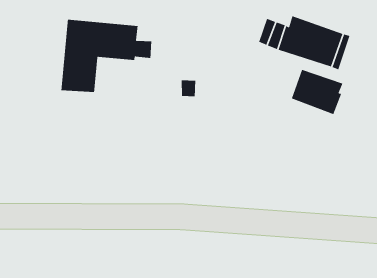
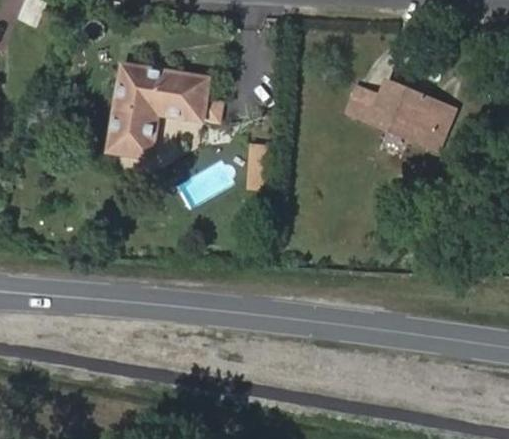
building: [291,69,343,115] -> none

